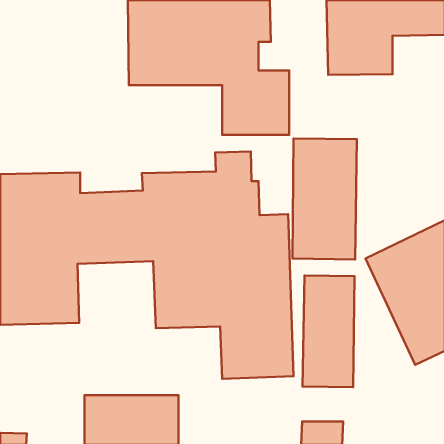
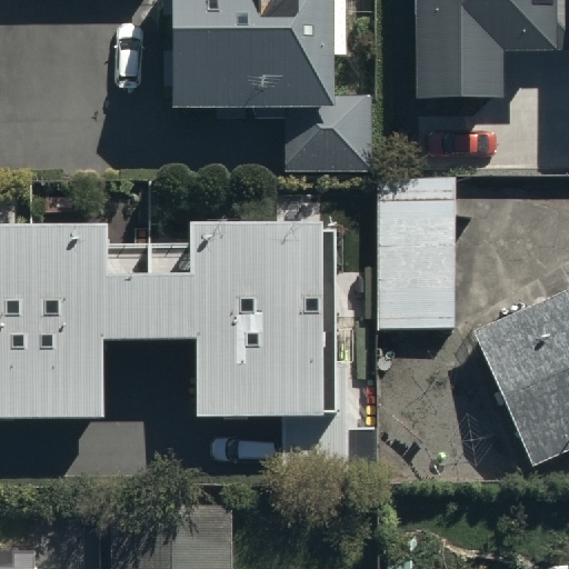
building: [302,276,355,387] -> none

